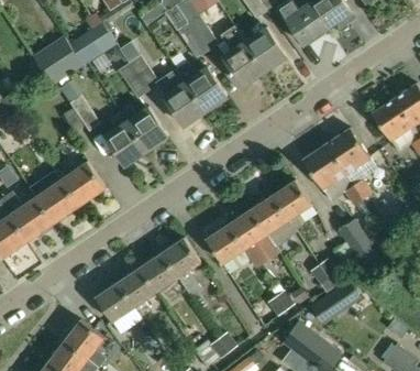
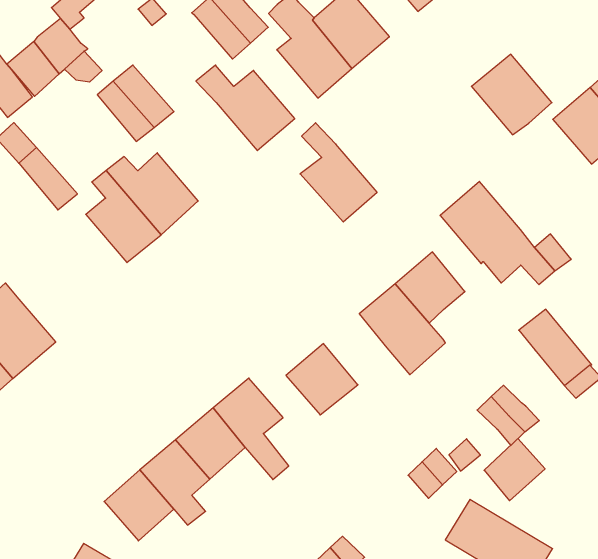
building: [162,68,203,126] -> [300,123,377,222]
building: [325,128,369,173] -> [471,54,552,135]
building: [60,161,104,205] -> none
building: [228,209,267,266] -> none

